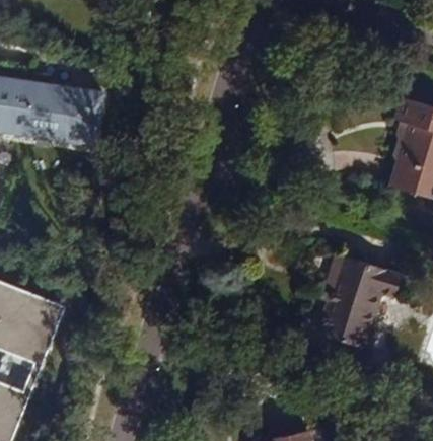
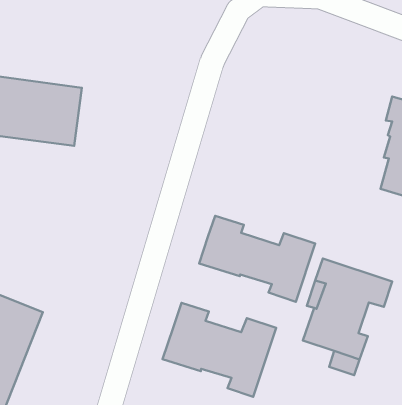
building: none -> [199,216,315,302]
building: none -> [163,303,276,397]

